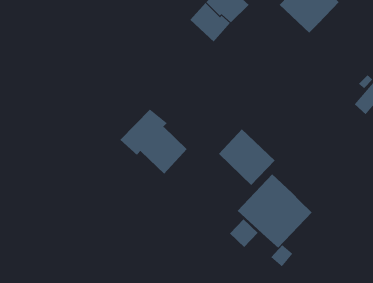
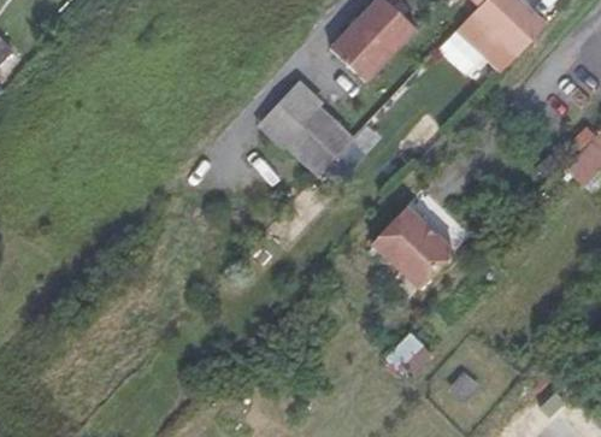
building: [119,109,188,174] -> [254,81,352,175]
building: [237,173,313,249] -> none

